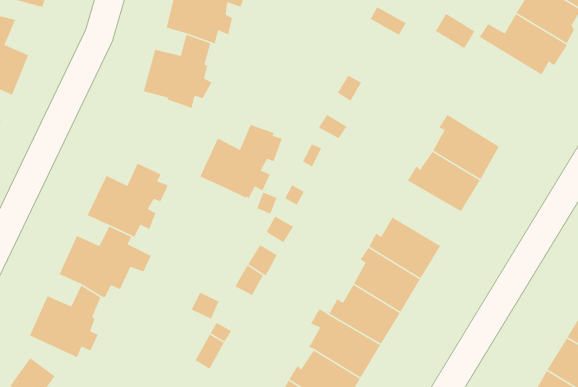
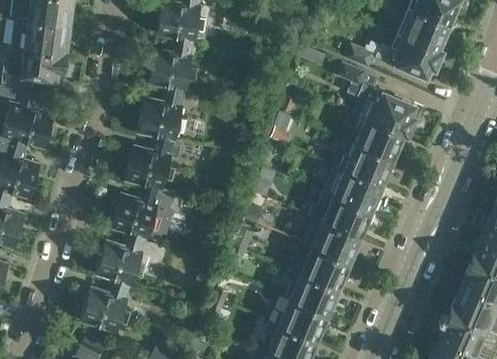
building: none -> [338,63,413,134]
building: [199,124,283,199] -> [126,133,182,188]
building: none -> [333,167,382,211]

